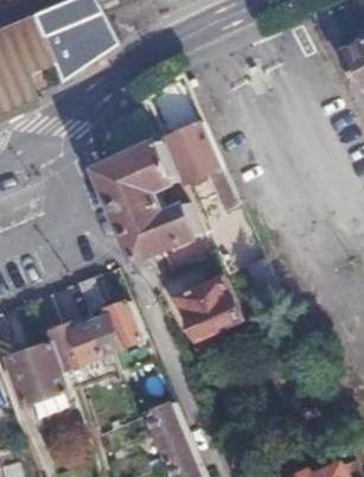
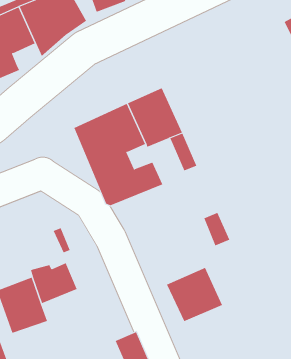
building: [174,276,240,339] -> [166,267,223,322]
building: [88,300,141,354] -> none

